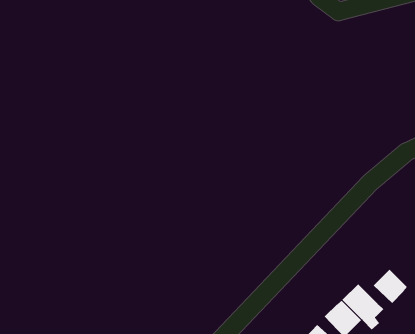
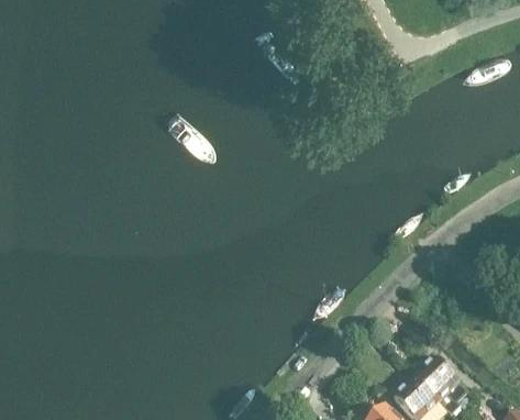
building: [373,269,408,304] -> none

